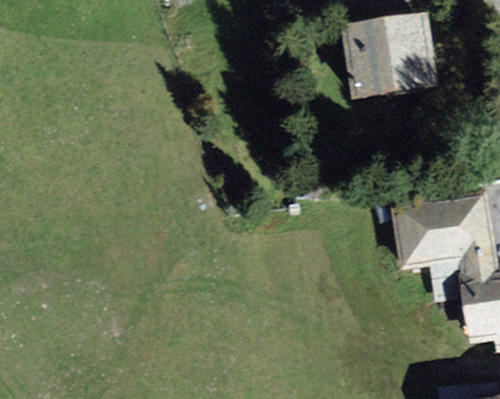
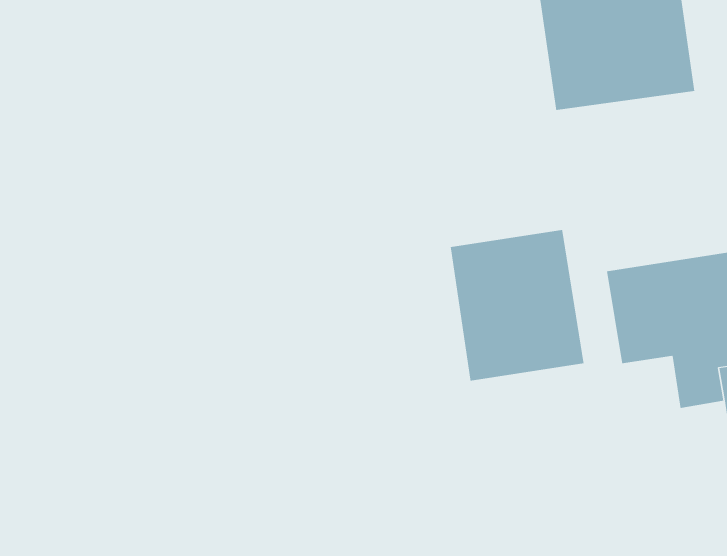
building: none -> [450,229,584,381]

